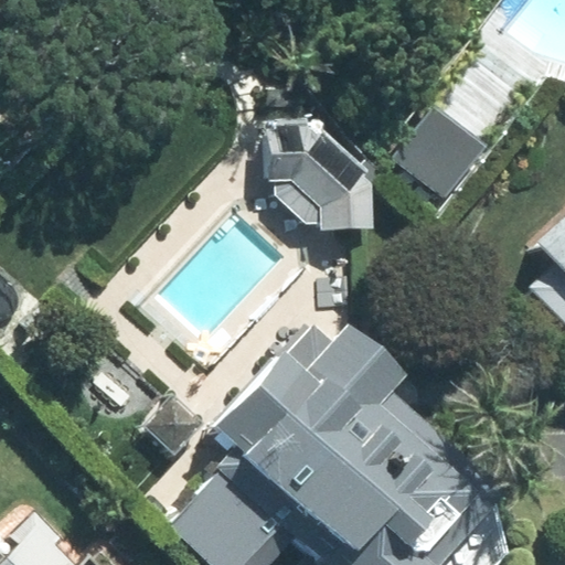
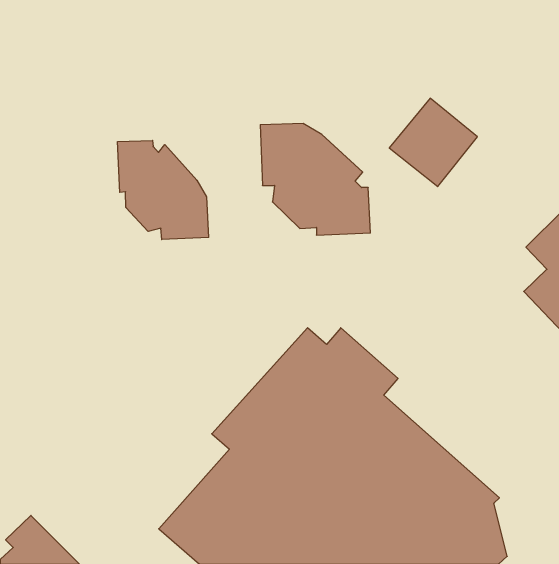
building: none -> [118,140,209,240]

